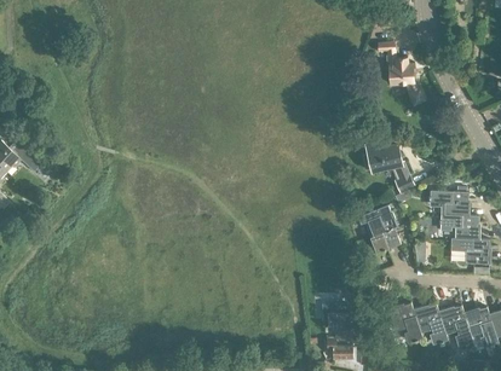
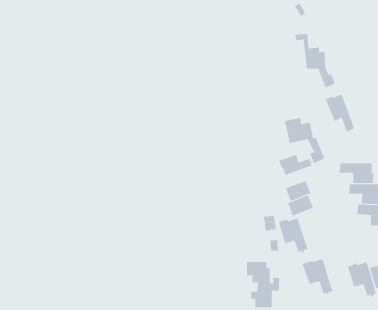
building: none -> [325,94,355,133]
building: none -> [278,154,313,176]
building: [413,302,448,343] -> [278,218,309,254]

